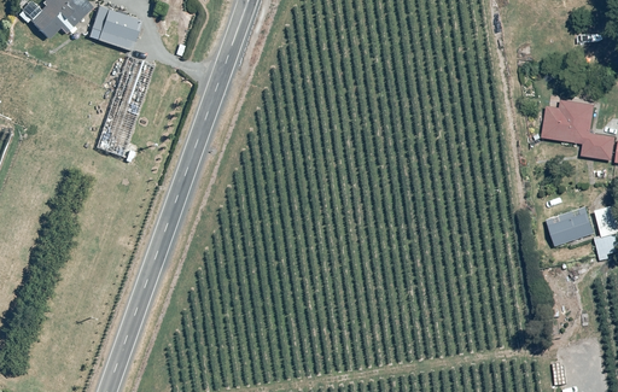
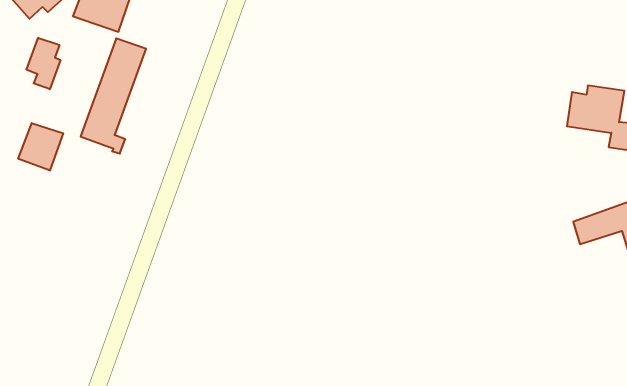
building: none -> [27,38,60,89]
building: none -> [18,123,63,171]

